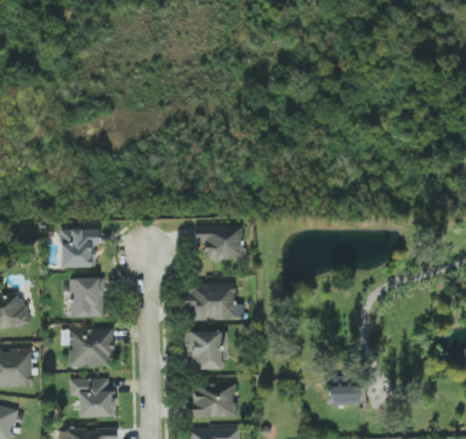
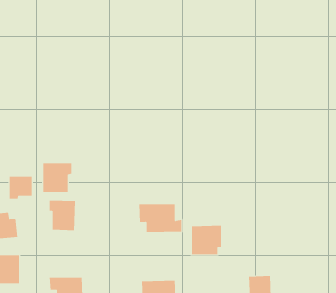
building: [194,224,243,258] -> none
building: none -> [9,176,32,199]
building: [68,327,113,366] -> none
building: [187,330,227,369] -> [191,225,222,255]

